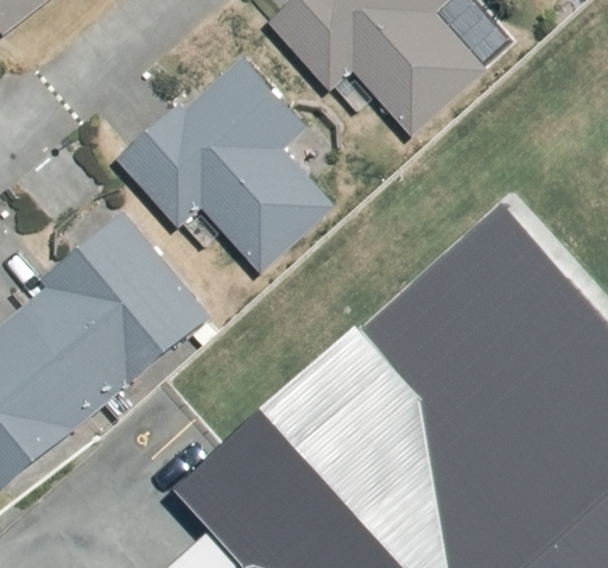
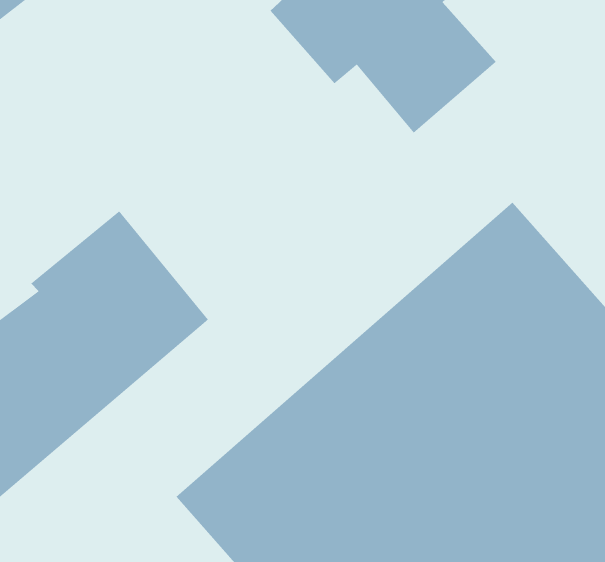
building: [112,56,331,274] -> none

